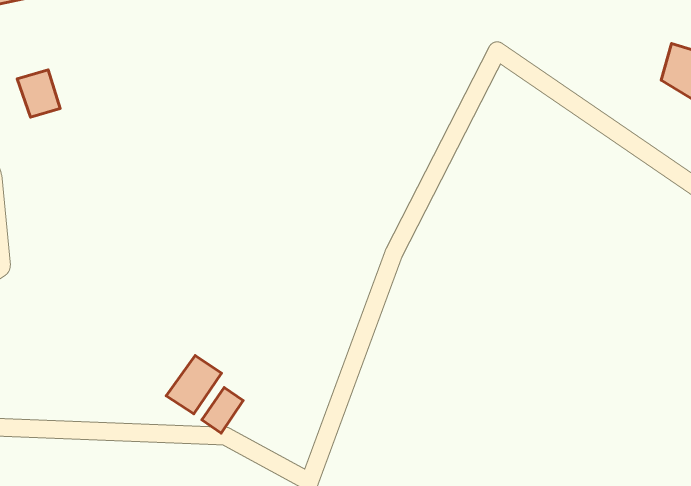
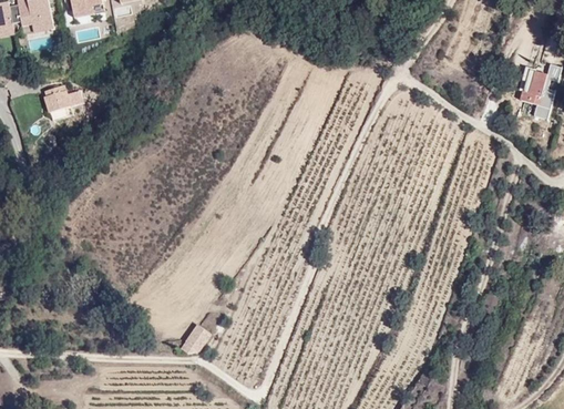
building: [166,356,221,414] -> none

